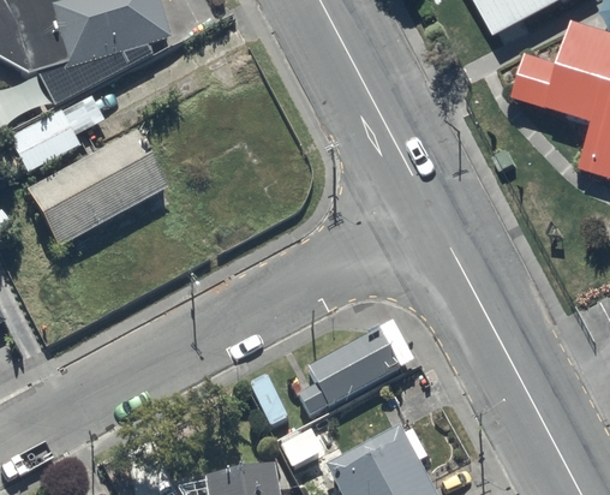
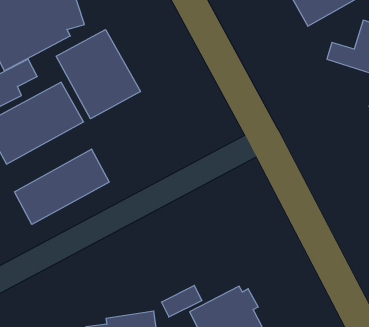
building: none -> [56,30,140,119]
building: none -> [15,149,109,224]
building: [301,327,411,419] -> none

